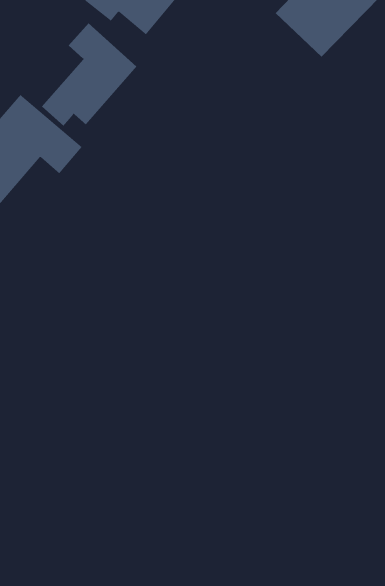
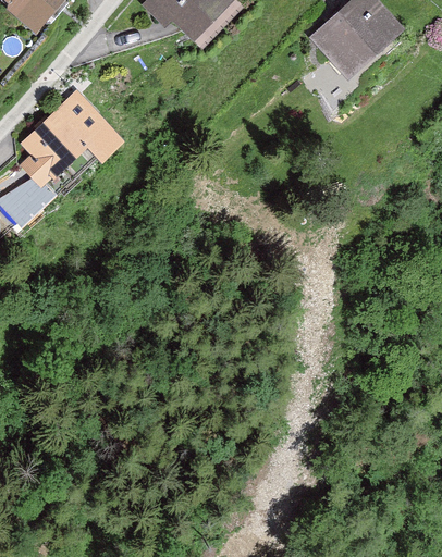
building: [41,22,137,127] -> none

